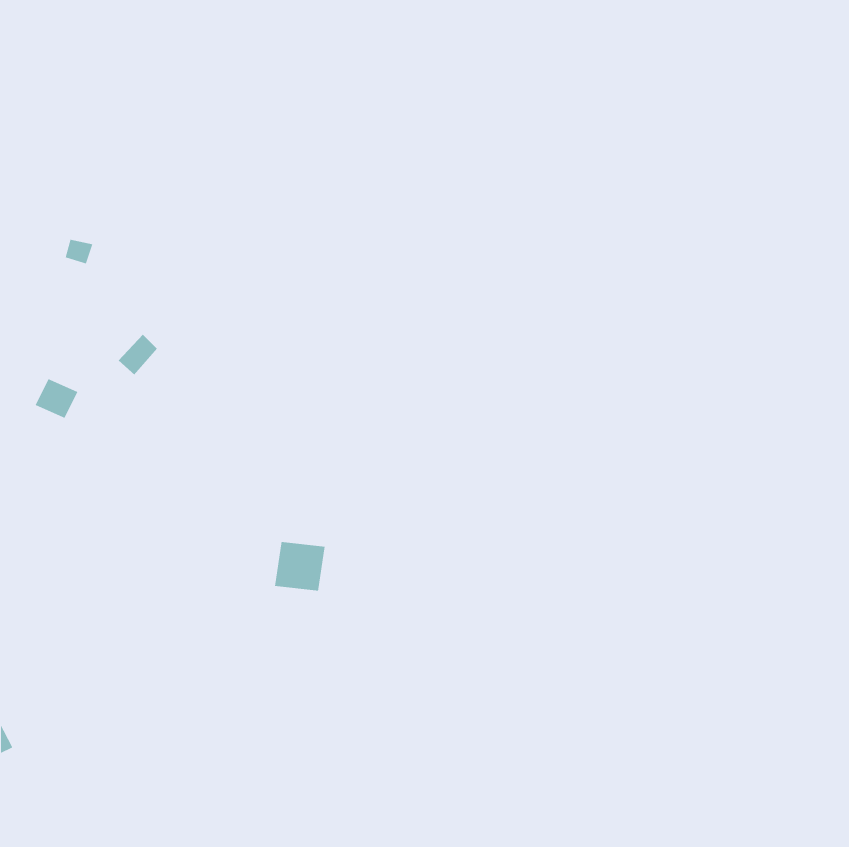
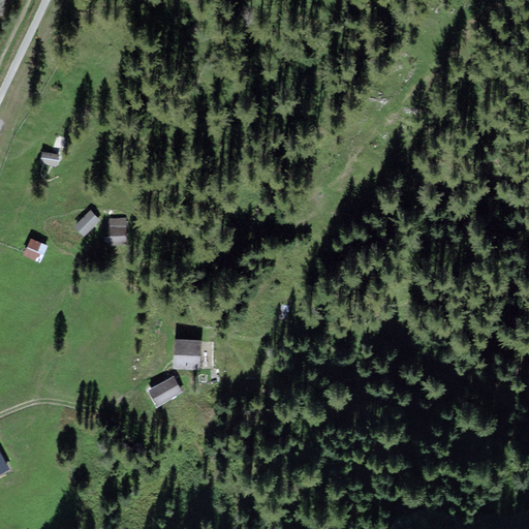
building: none -> [107,219,127,245]
building: none -> [149,376,181,403]

